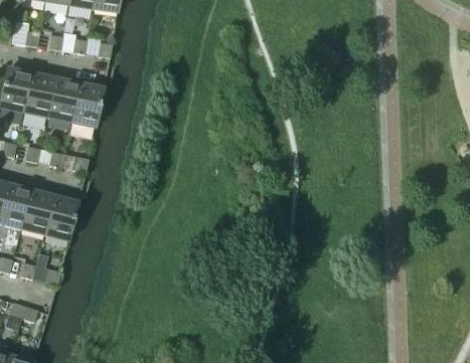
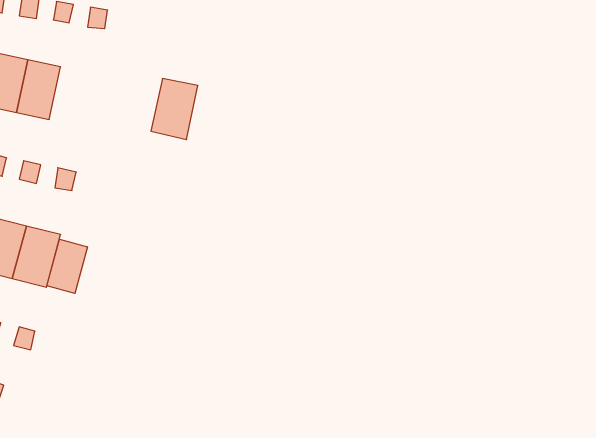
building: [70,83,104,127] -> [151,79,198,140]
building: none -> [47,239,87,293]

